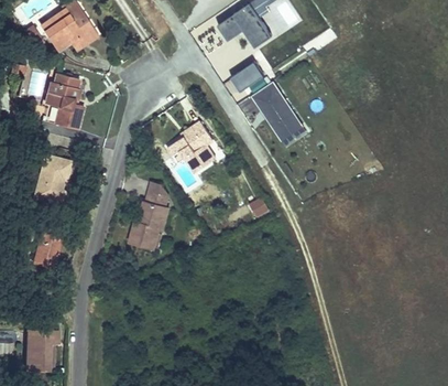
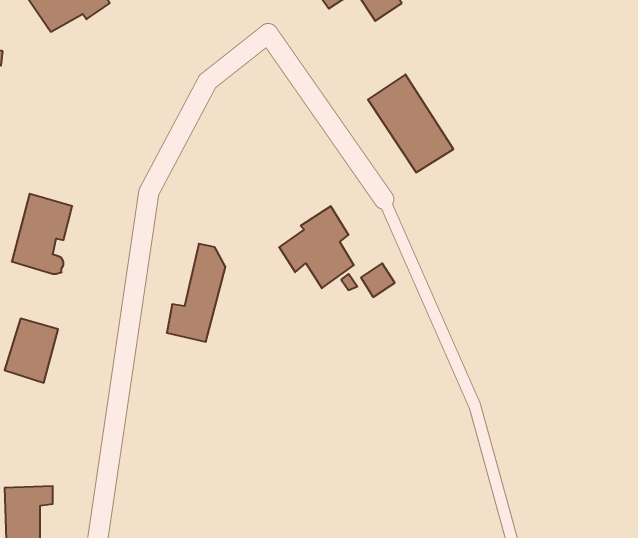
building: [233,60,265,89] -> none
building: [44,72,84,128] -> none
building: [167,124,214,174] -> [279,206,354,288]

